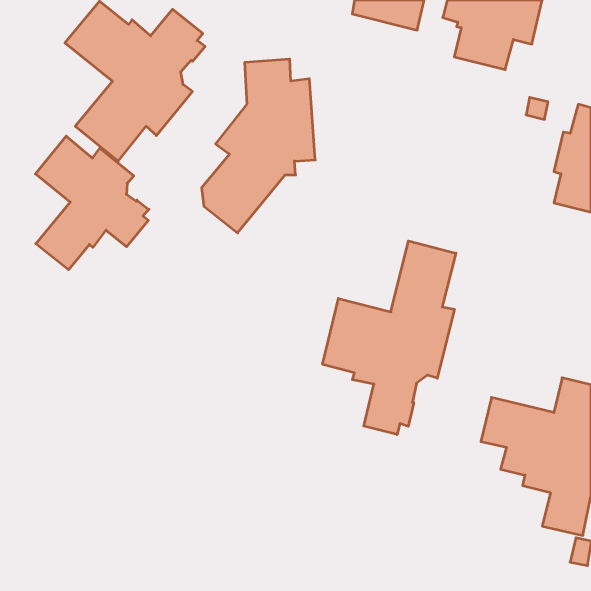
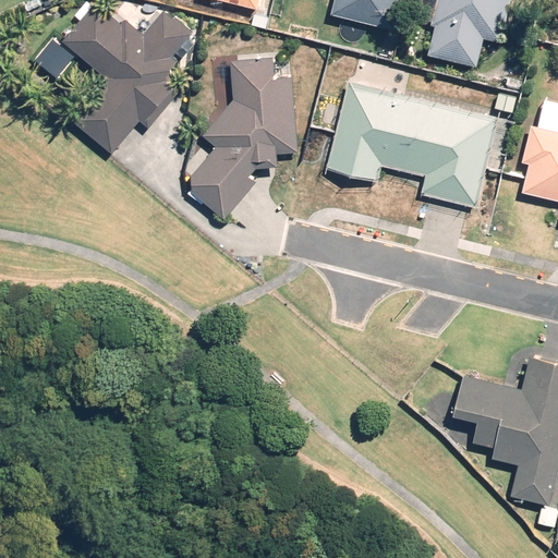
building: none -> [327,82,497,205]
building: [35,136,149,270] -> none
building: [323,241,456,435] -> none

